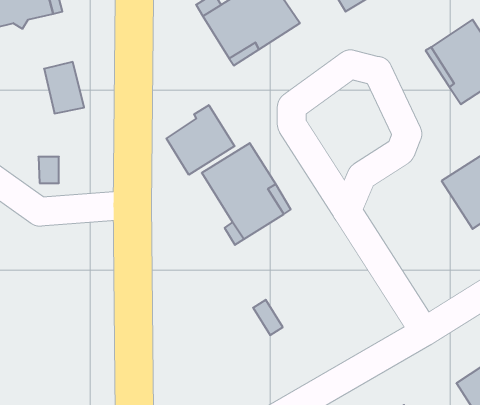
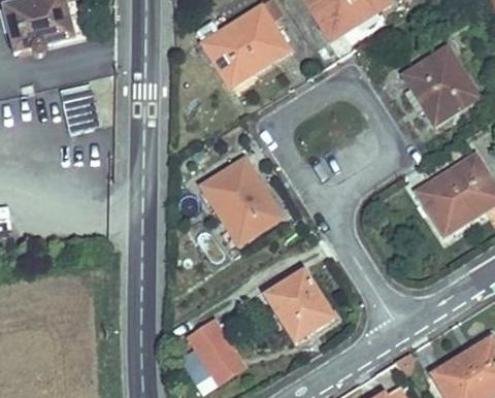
building: [166,105,235,175] -> none
building: none -> [266,271,332,340]
building: none -> [189,321,243,383]

